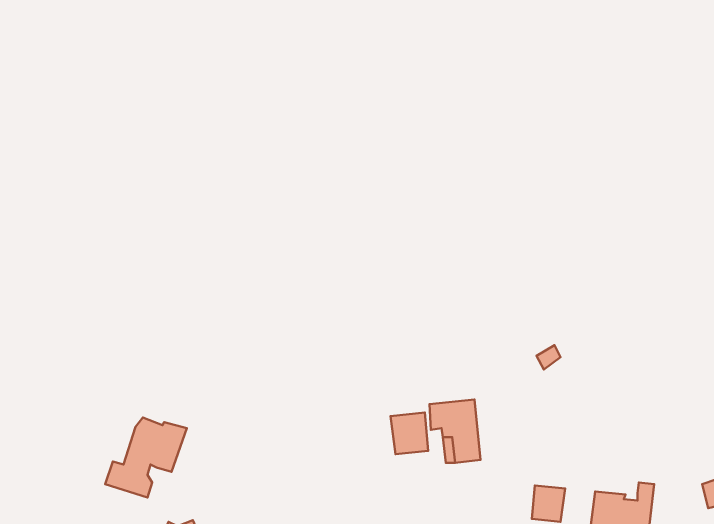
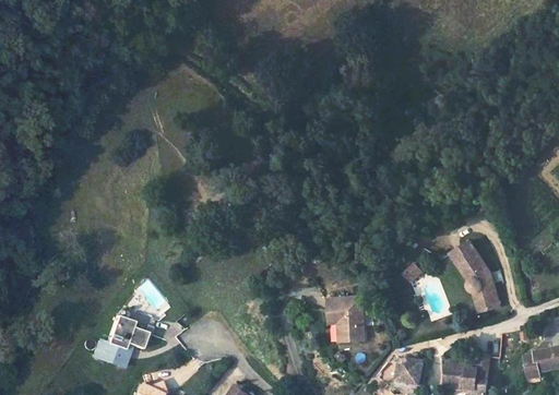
building: none -> [452,239,500,312]
building: [390,413,428,454] -> none

